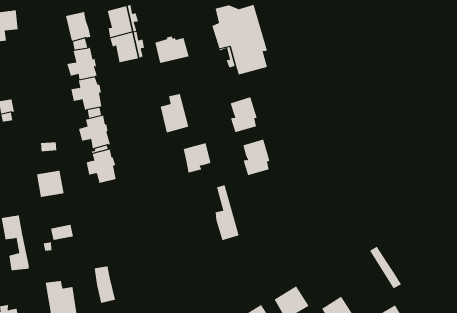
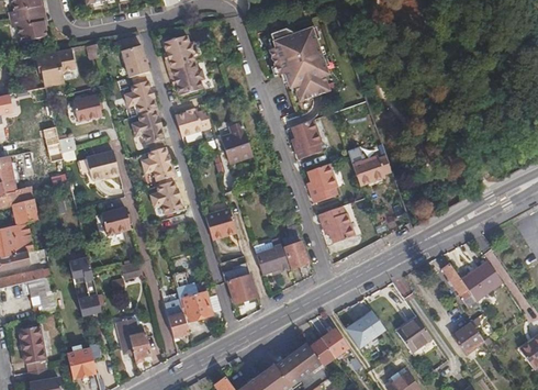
building: [154,36,189,63] -> [175,108,211,136]
building: none -> [72,96,100,121]
building: none -> [86,151,119,179]
building: none -> [352,156,392,185]
building: [183,143,211,173] -> [205,208,235,239]
building: none -> [318,204,354,242]
building: none -> [256,238,290,276]
building: none -> [225,263,257,304]
building: none -> [172,272,212,321]
building: none -> [461,261,501,300]

